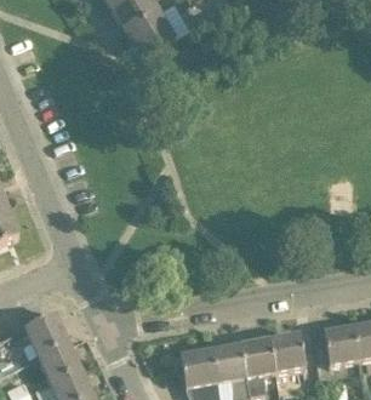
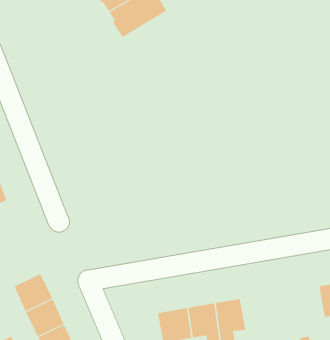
building: [323,326,358,365] -> none
building: [268,335,304,373] -> none

